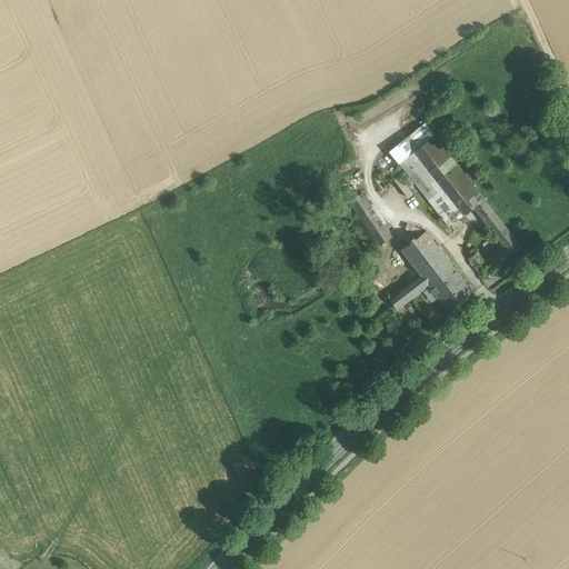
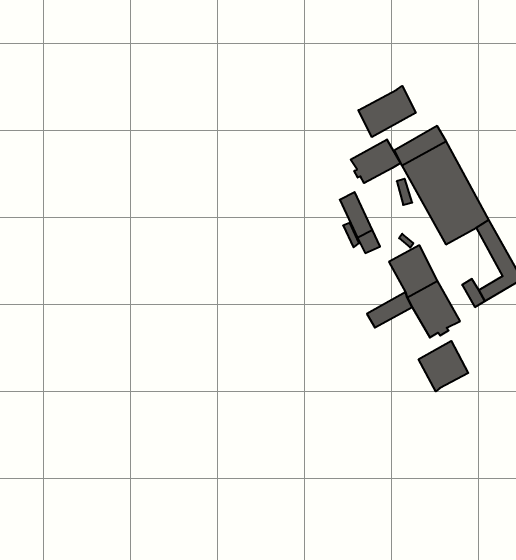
building: none -> [358,86,416,137]
building: none -> [351,139,400,183]
building: none -> [419,341,468,391]

